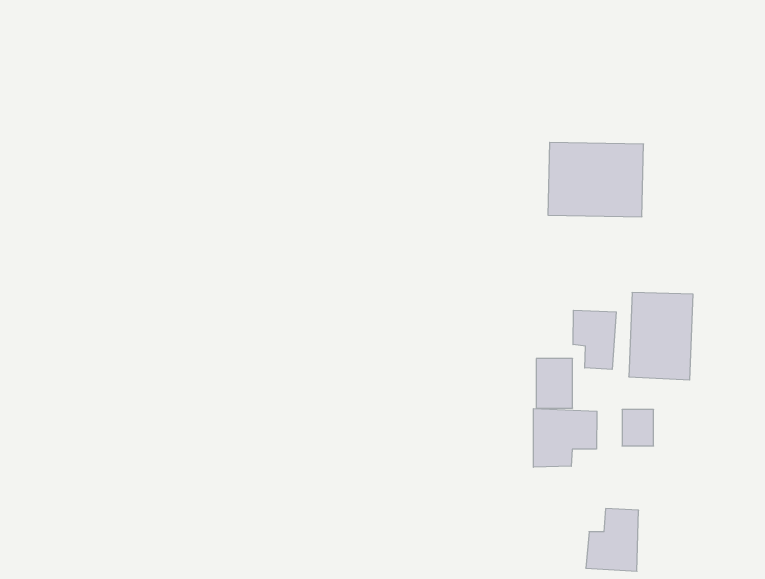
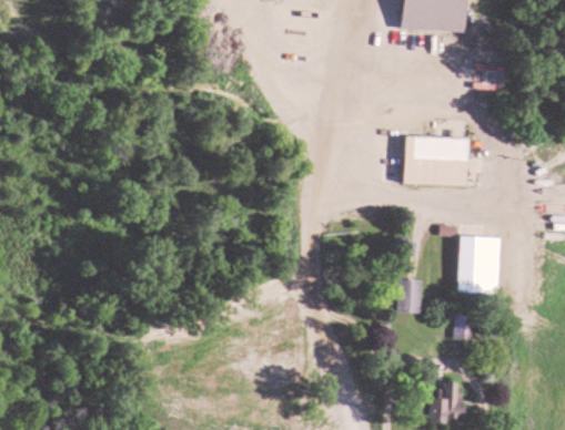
building: [573,310,616,369] -> none
building: [533,409,597,467] -> none

